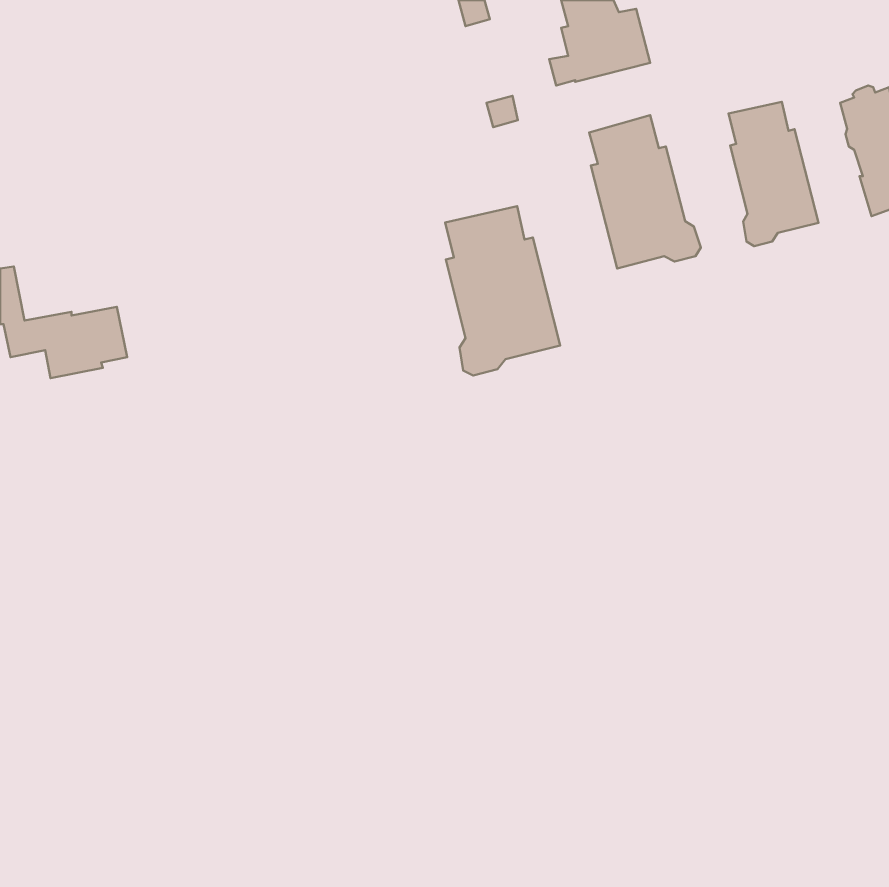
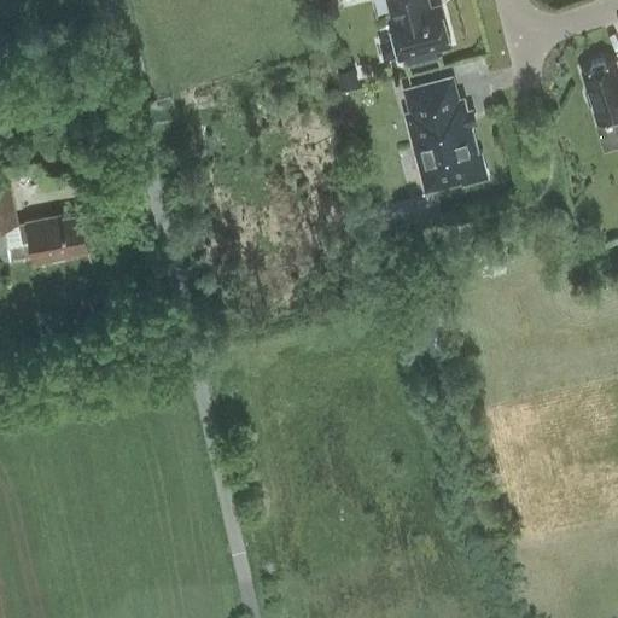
building: [729,102,818,246] -> none
building: [445,206,560,376] -> none

